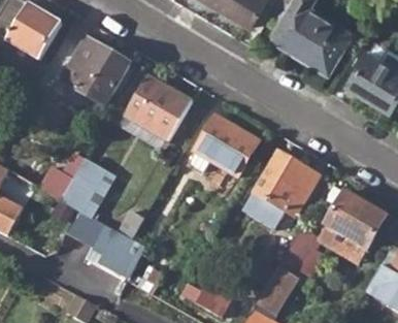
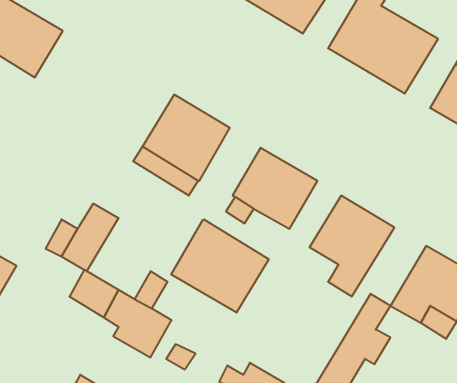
building: [60,39,128,106] -> none
building: none -> [171,219,269,313]

